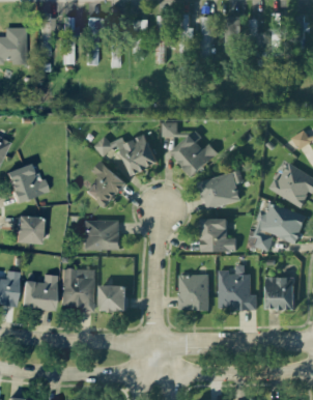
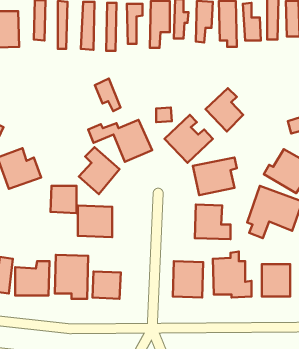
building: none -> [95,79,121,111]
building: none -> [205,88,243,132]
building: [17,217,42,244] -> [51,186,77,213]

